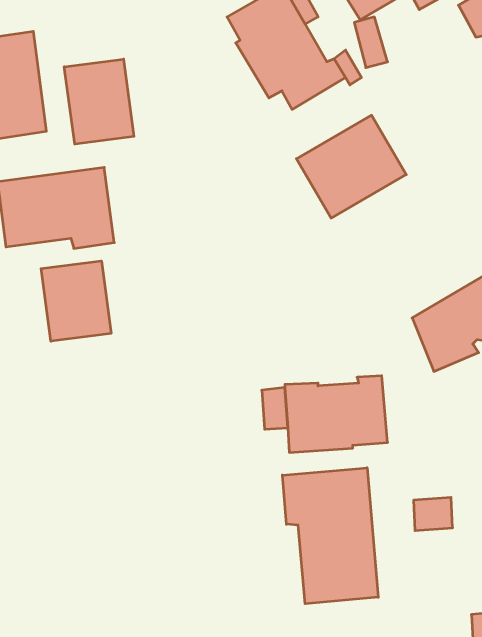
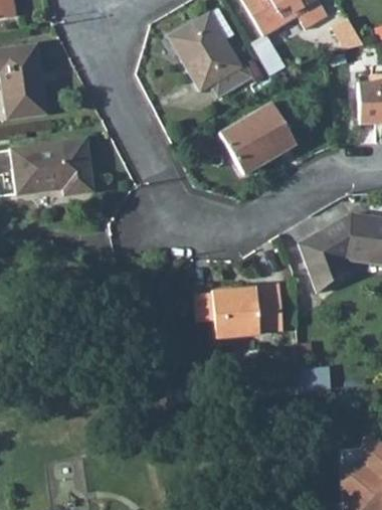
building: [64,59,134,144] -> none
building: [41,261,111,341] -> none
building: [282,468,378,604] -> none

